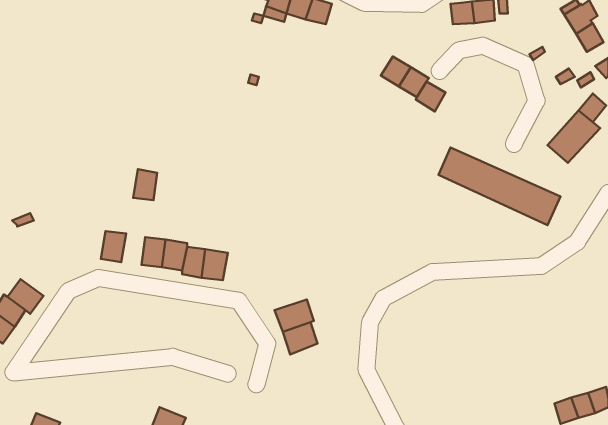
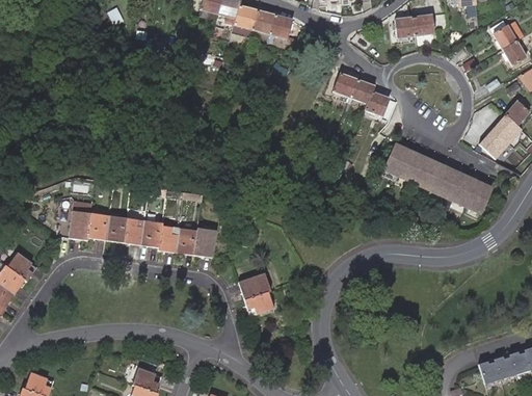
building: [133,169,157,200] -> [107,218,128,245]
building: none -> [69,213,94,244]
building: none -> [195,232,218,261]

